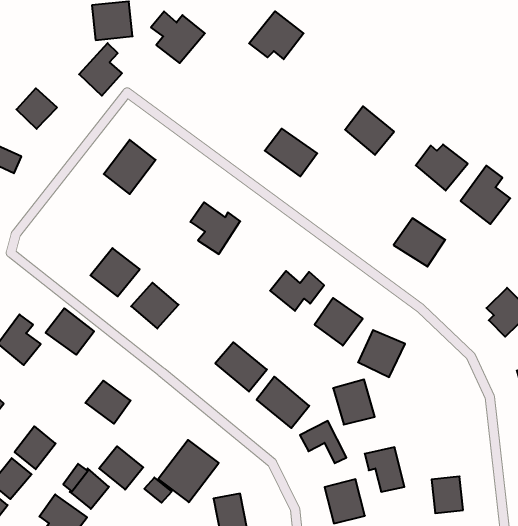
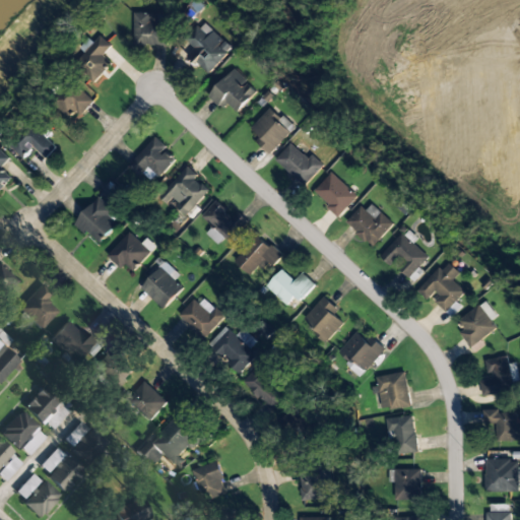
building: [249,11,304,59] -> [208,69,258,113]
building: [79,43,122,96] -> [74,37,113,83]
building: none -> [252,109,294,154]
building: [345,106,394,155] -> [314,172,358,216]
building: [416,144,468,191] -> [347,205,394,247]
building: [461,166,510,224] -> [420,260,465,313]
building: none -> [159,167,210,214]
building: none -> [74,197,122,245]
building: none -> [235,234,283,275]
building: [46,308,94,355] -> [49,320,92,363]
building: none -> [179,299,225,340]
building: [333,379,375,425] -> [377,372,411,410]
building: [99,446,143,490] -> [127,382,167,421]
building: [365,447,404,492] -> [386,415,418,454]

